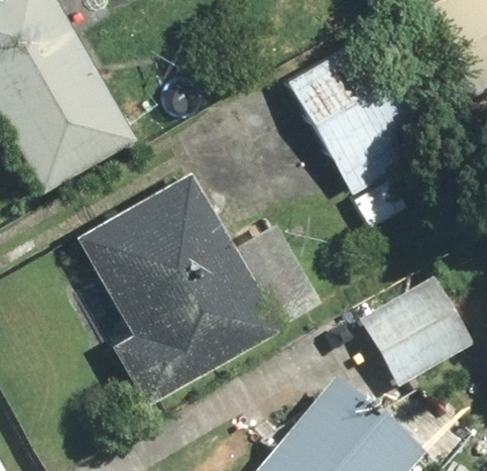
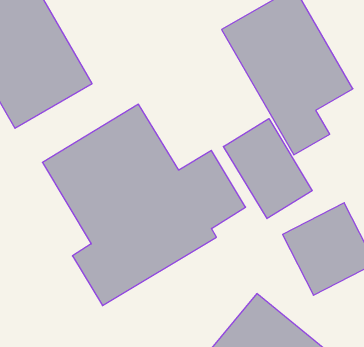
building: none -> [223,119,312,219]

